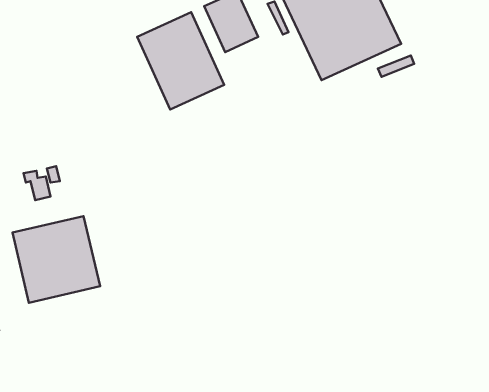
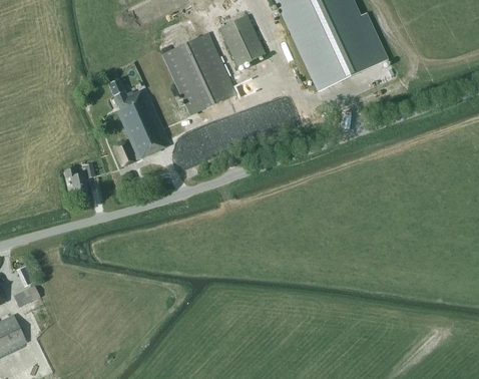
building: none -> [108,78,168,166]
building: [12,216,100,303] -> none

